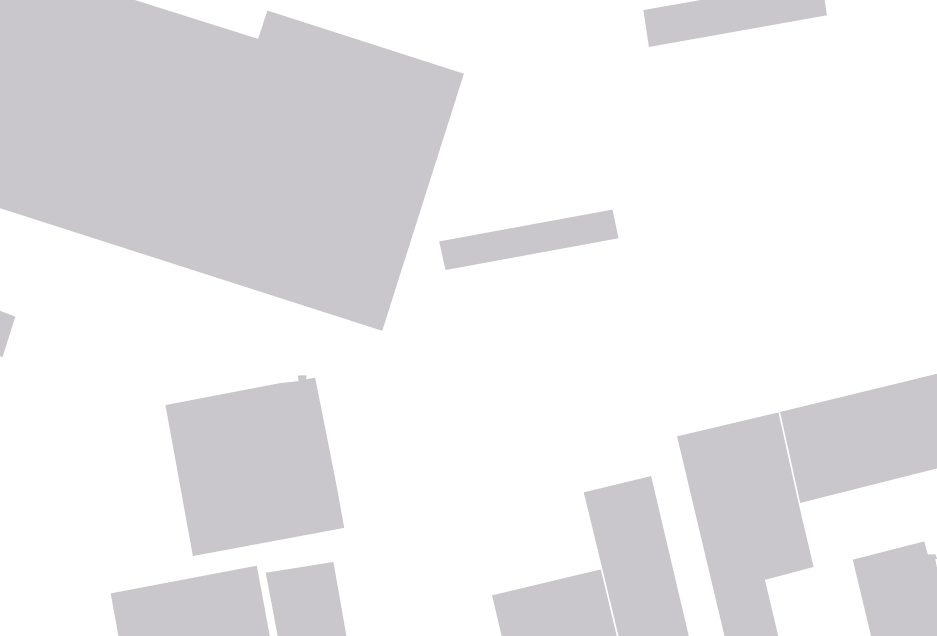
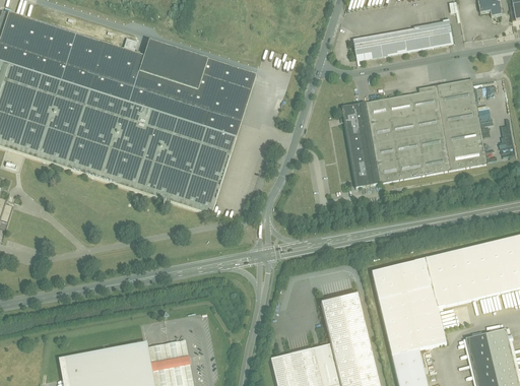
building: none -> [341,81,488,186]
building: [439,209,619,271] -> none
building: [165,374,345,557] -> none

